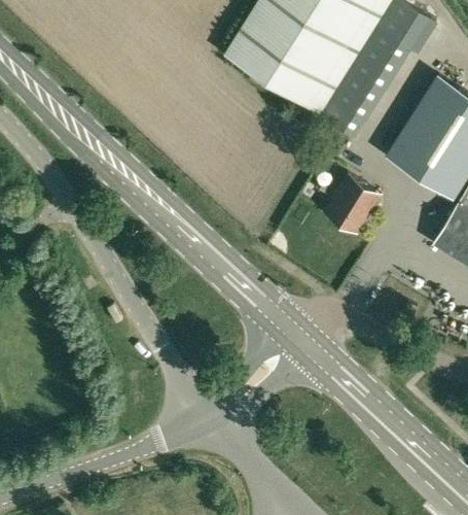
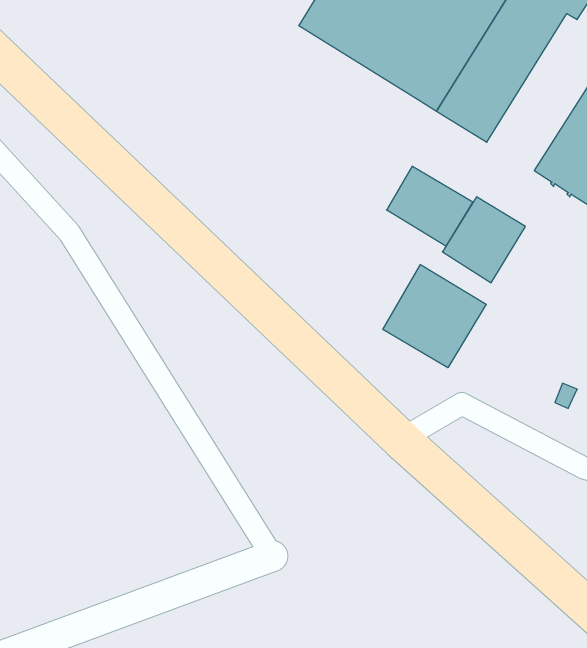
building: none -> [387,166,473,246]
building: none -> [383,265,486,368]

